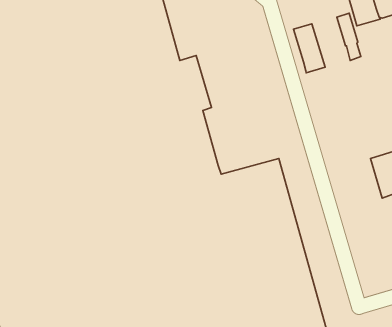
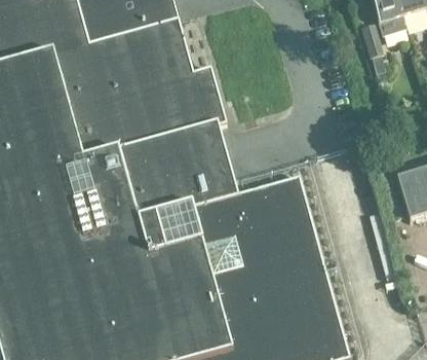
building: [294,24,325,73] -> none

